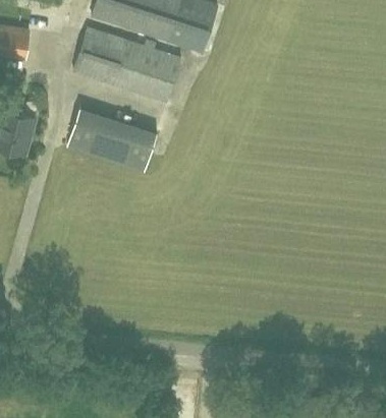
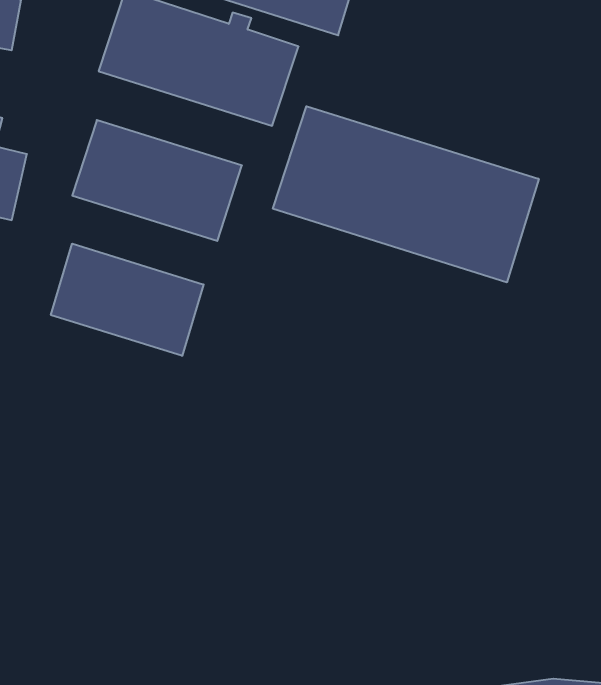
building: none -> [273,106,539,282]
building: none -> [51,244,204,356]

